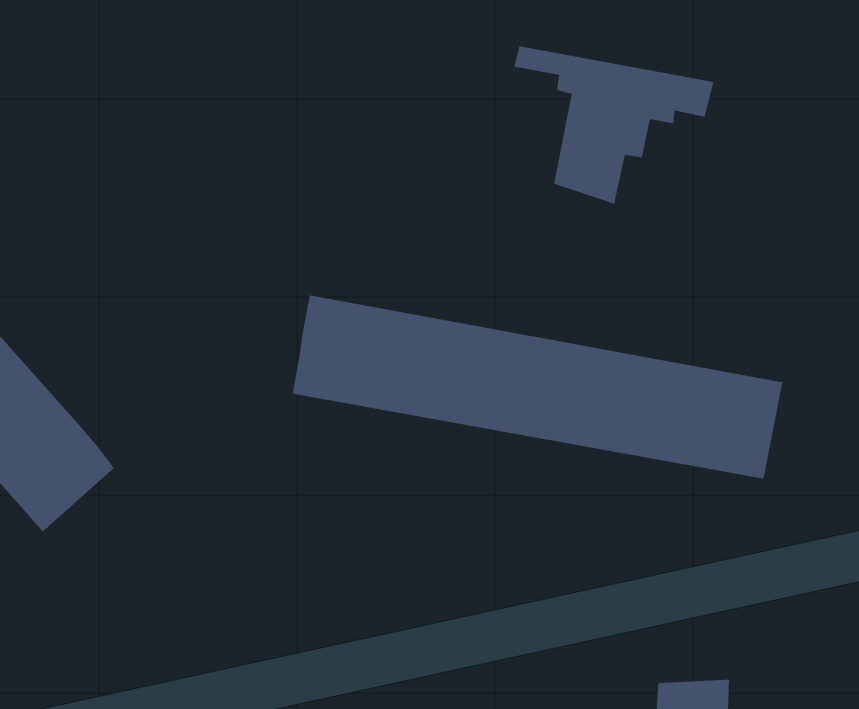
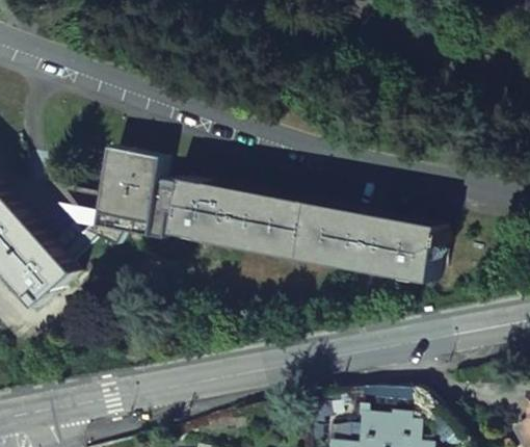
building: [514,45,714,205] -> none
building: none -> [55,150,174,262]

